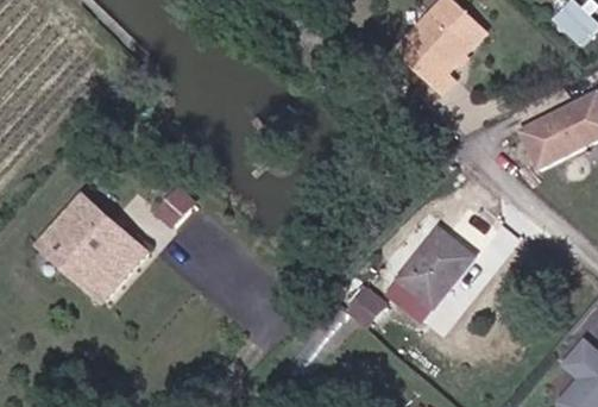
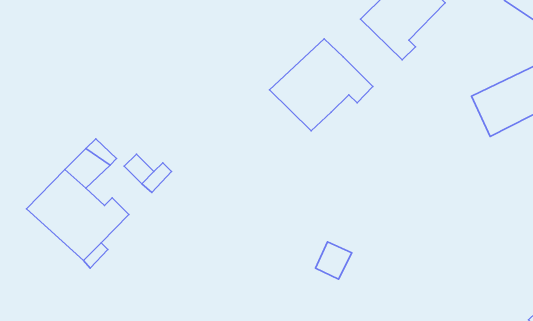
building: none -> [270,39,373,131]
building: [398,219,484,312] -> none

